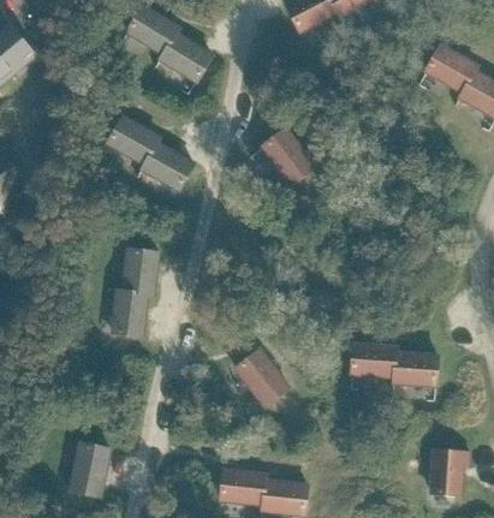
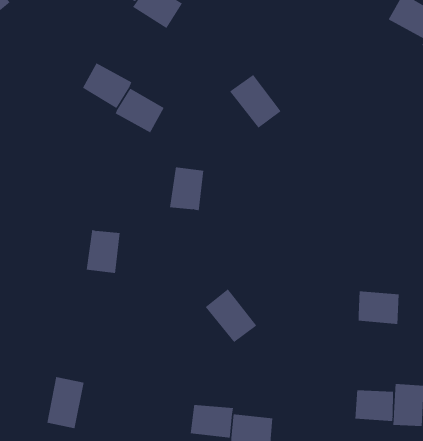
building: [121,249,157,294] -> [169,167,204,211]
building: [351,345,395,379] -> none
building: none -> [355,389,394,422]

